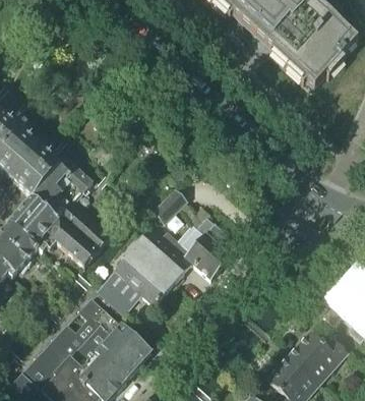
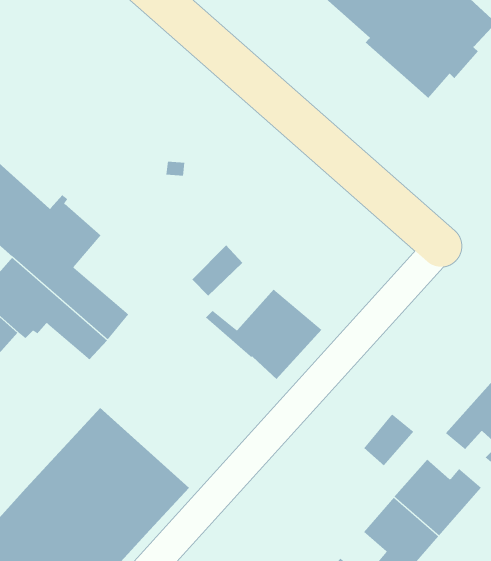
building: [99,226,195,311] -> none
building: none -> [363,413,414,466]

